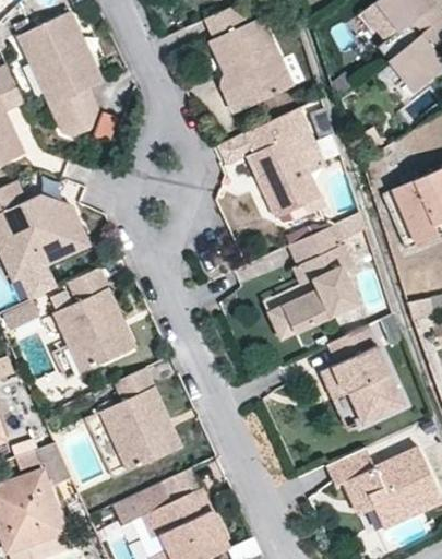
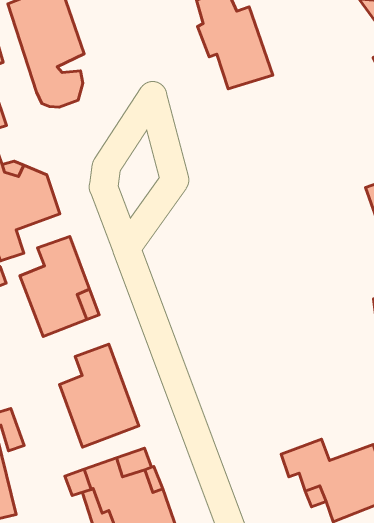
building: [250,108,325,223] -> none
building: [284,216,359,330] -> none
building: [324,330,401,426] -> none

